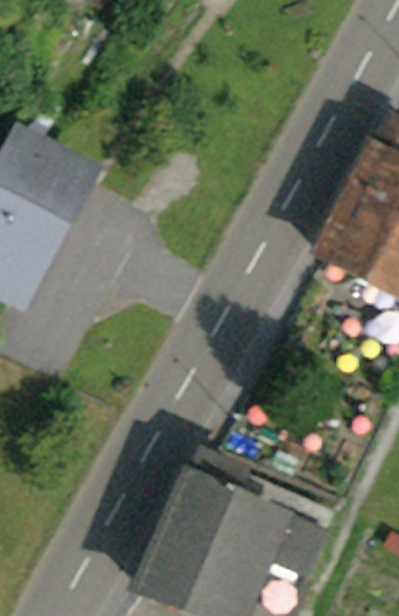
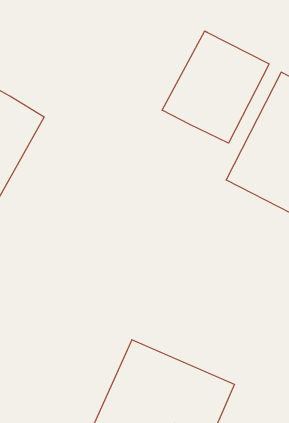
building: none -> [162,31,269,143]

